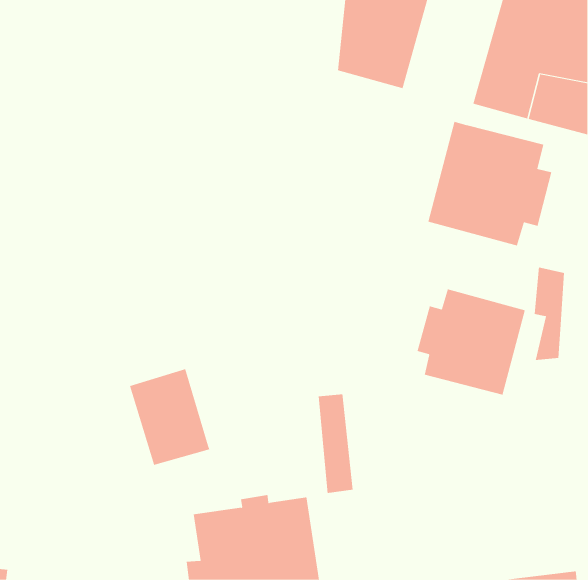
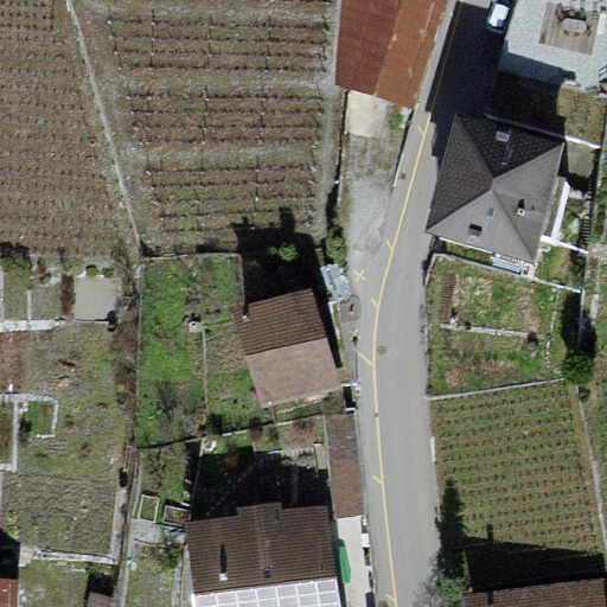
building: [417,288,526,396] -> none
building: [129,369,210,466] -> [243,294,326,394]

